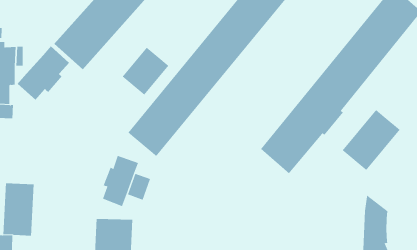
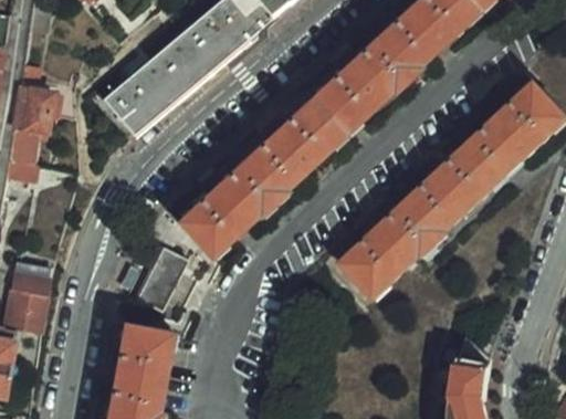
building: [17,46,70,100] -> none
building: [122,47,169,96] -> none
building: [342,109,400,171] -> none

